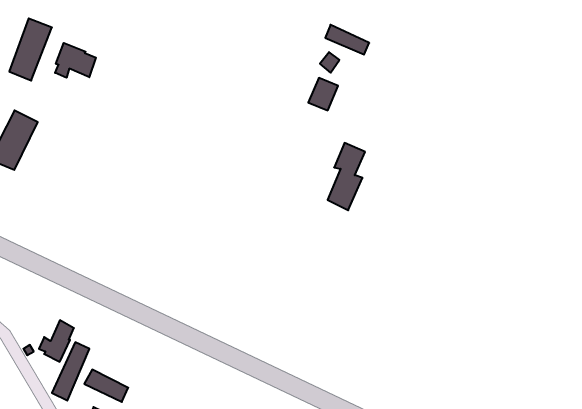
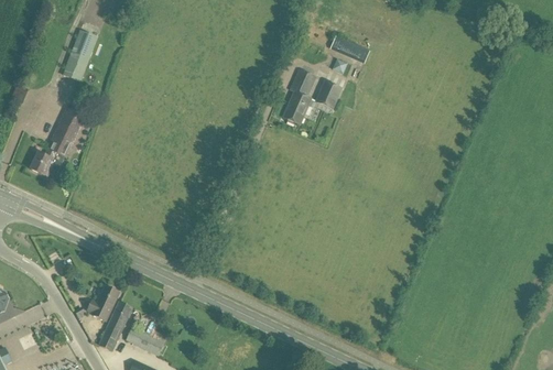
building: [55,43,96,78] -> none
building: [328,143,365,210] -> [283,69,315,127]

